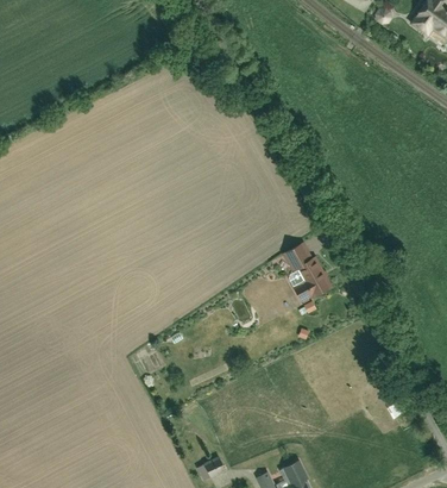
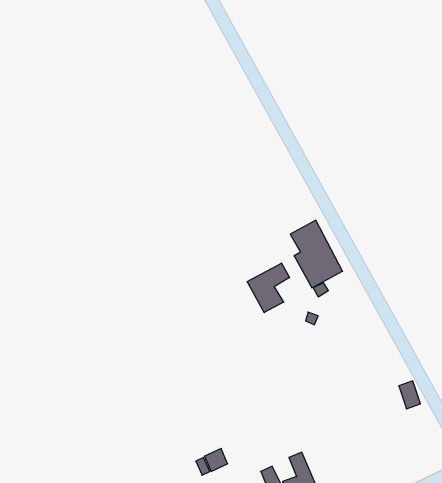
building: none -> [247,263,290,313]

